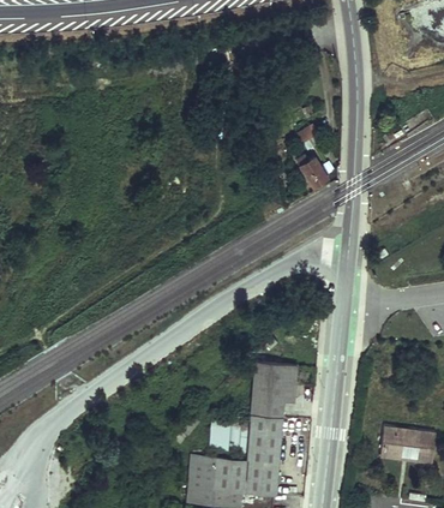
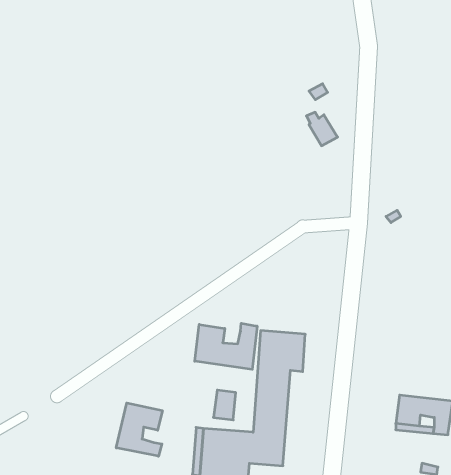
building: none -> [195,323,257,369]
building: none -> [116,403,162,456]

